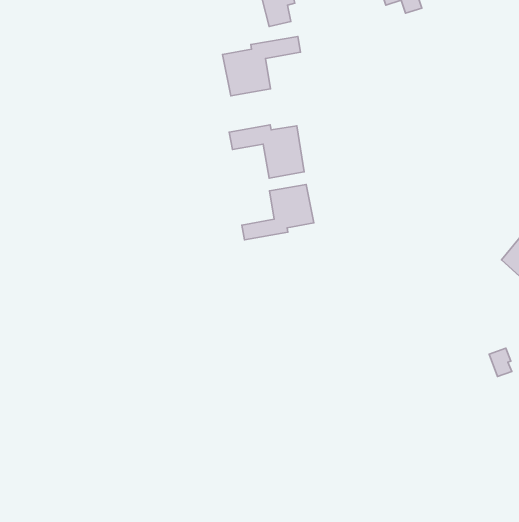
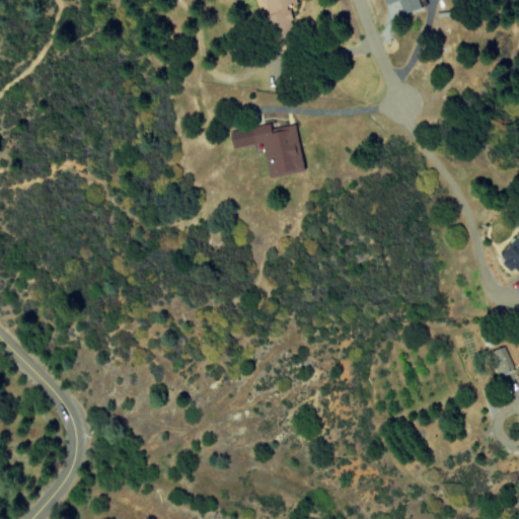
building: [223,36,300,96] -> none
building: [242,184,314,240] -> none

